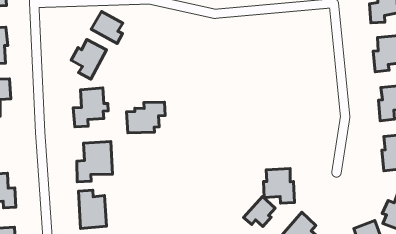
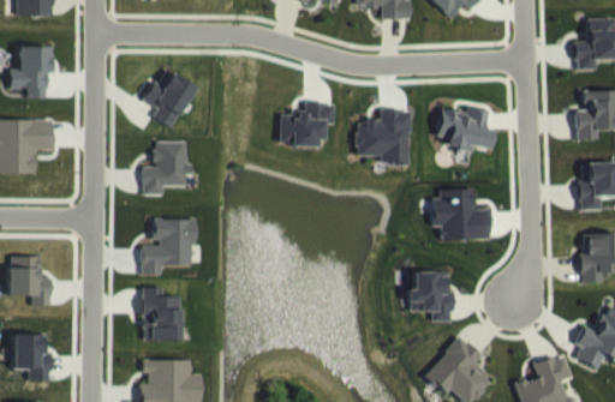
building: [91,12,123,43] -> none
building: none -> [437,107,496,150]
building: none -> [357,109,411,163]
building: [127,102,165,133] -> [279,102,334,145]
building: none -> [434,188,491,239]
building: [244,197,275,226] -> none

